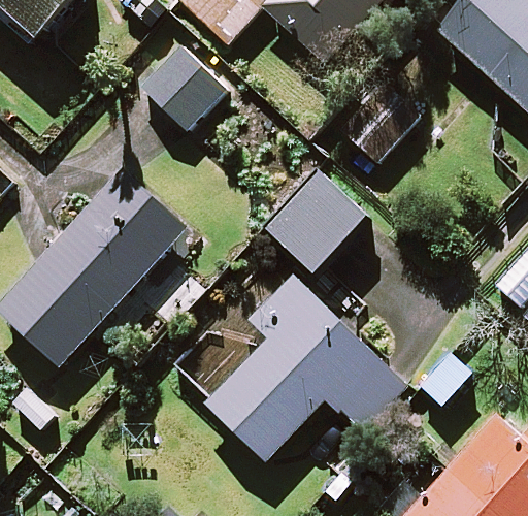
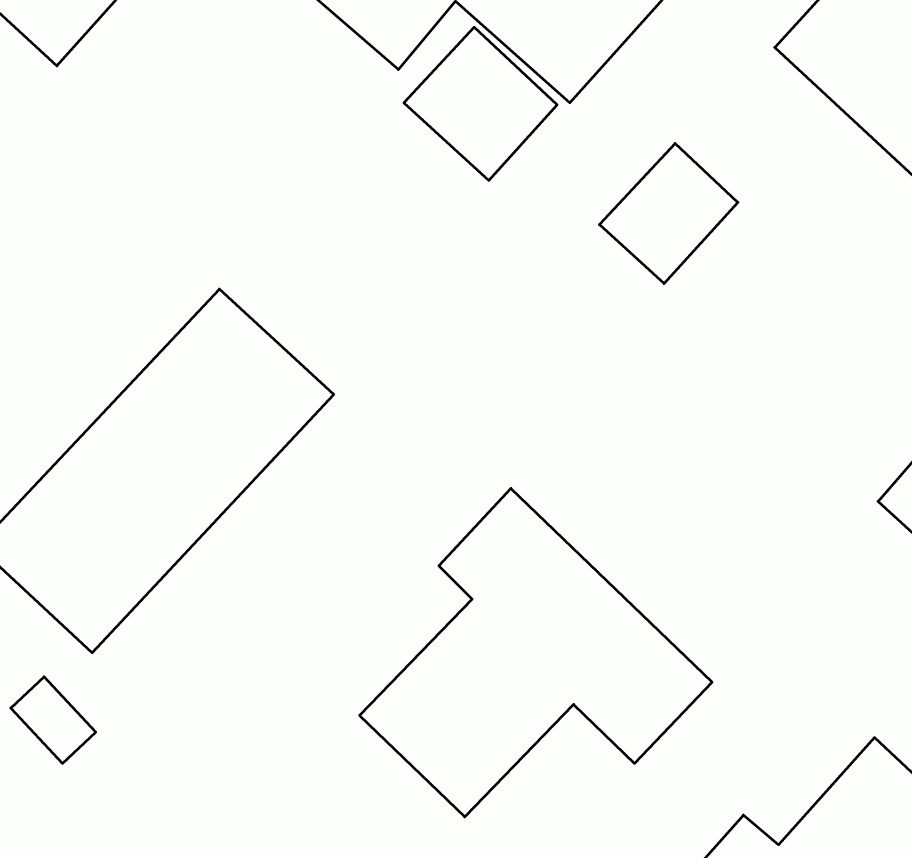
building: [141,45,227,131] -> [404,27,557,180]
building: [263,171,367,275] -> none

